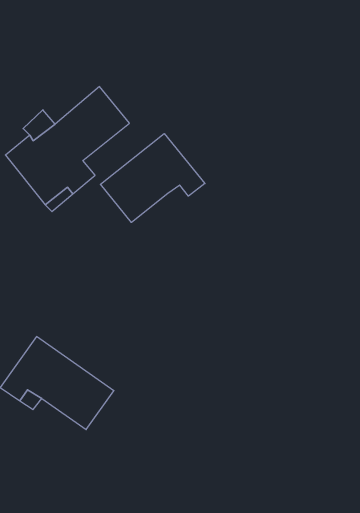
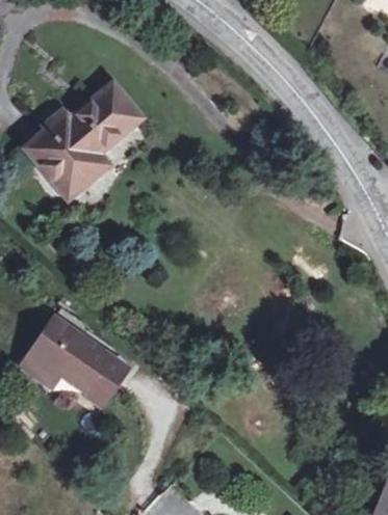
building: [100,134,205,222] -> none

